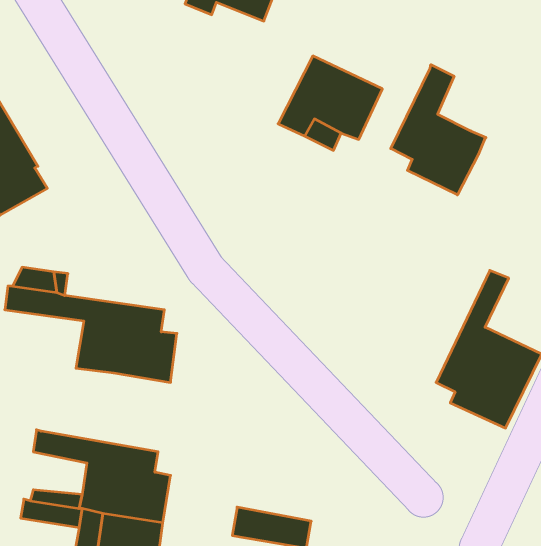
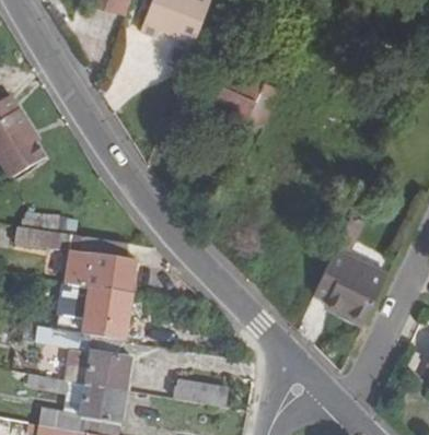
building: [391,65,486,195] -> none
building: none -> [40,286,130,341]

